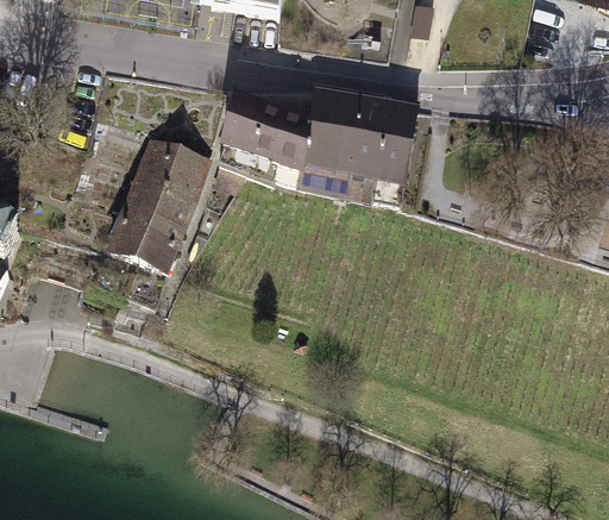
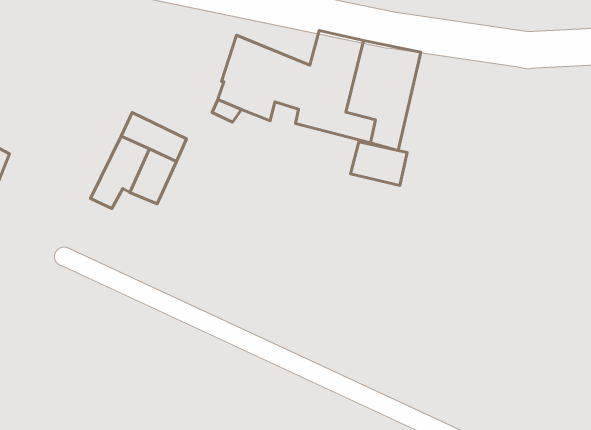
building: [137,132,207,196] -> none
building: none -> [351,142,407,185]

